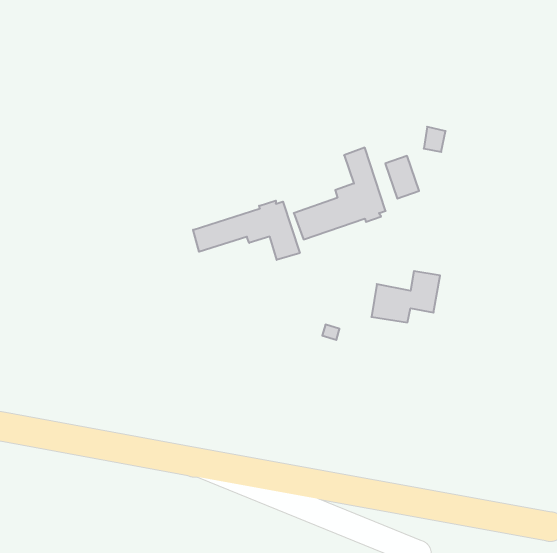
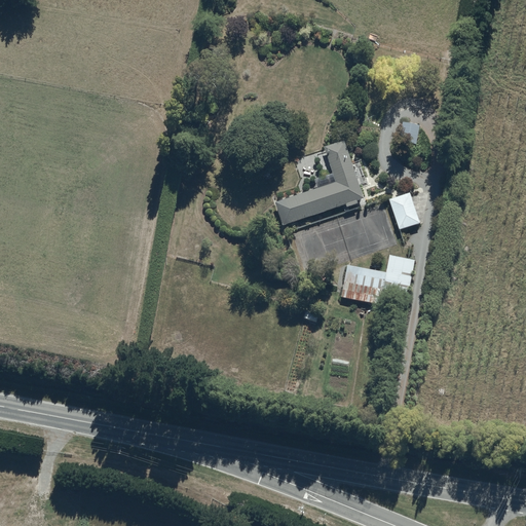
building: [385,156,419,199] -> [387,189,419,229]
building: [193,201,300,260] -> none

